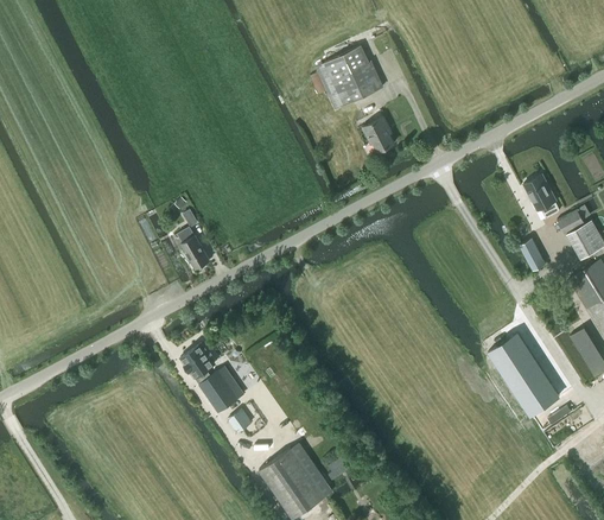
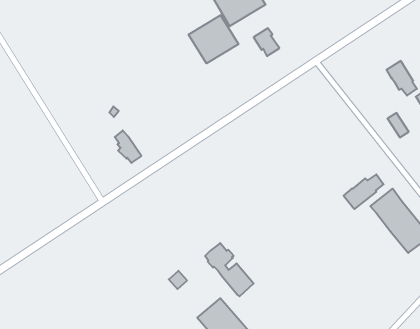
building: none -> [189,15,238,63]
building: none -> [344,174,384,209]
building: [182,343,239,412] -> [205,243,254,296]

